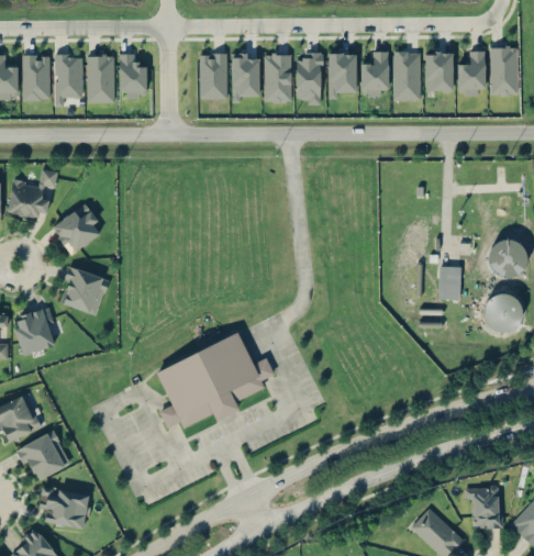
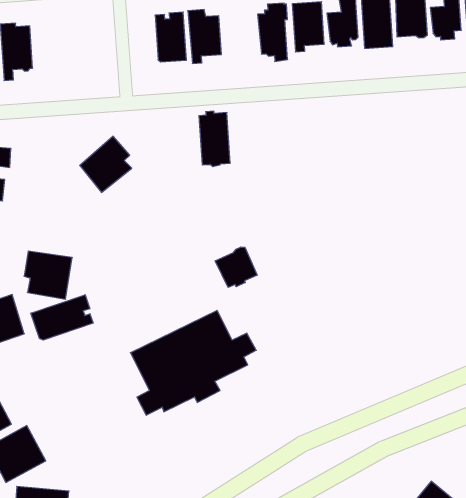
building: [265,52,291,103] -> [199,111,230,167]
building: [119,53,146,99] -> none
building: [87,54,114,102] -> none
building: [52,202,100,254] -> [80,136,132,192]
building: [438,266,460,299] -> none
building: none -> [215,247,257,287]
building: none -> [31,295,93,340]

